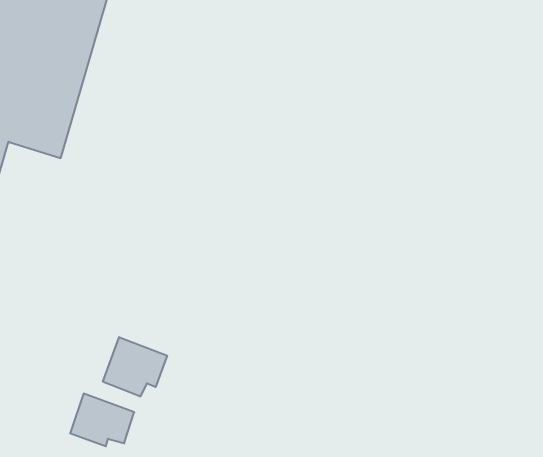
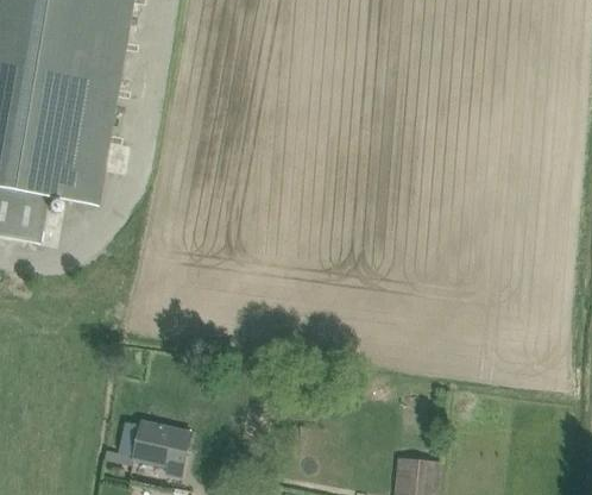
building: [103,337,167,397] -> none

